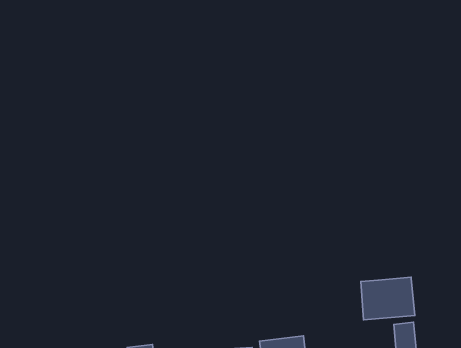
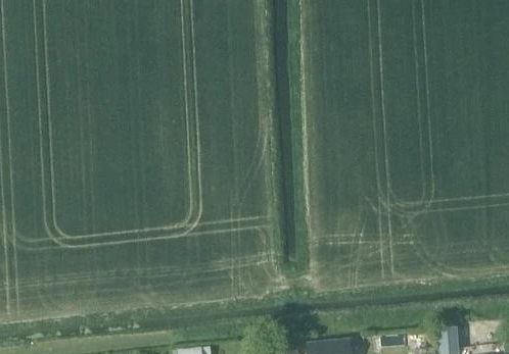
building: [361,277,415,320] -> none

